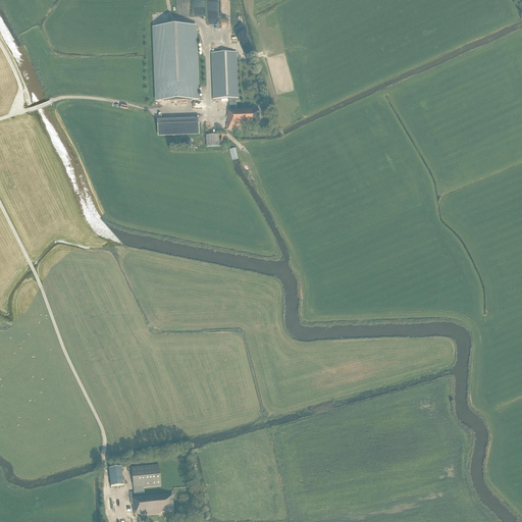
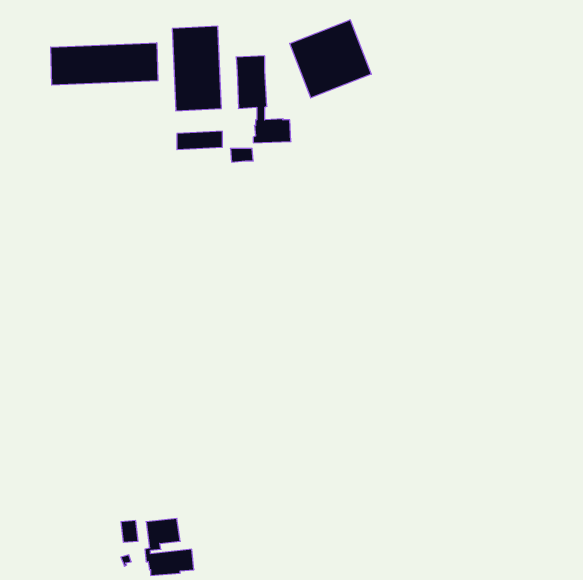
building: none -> [290,20,371,98]
building: none -> [51,43,158,85]

